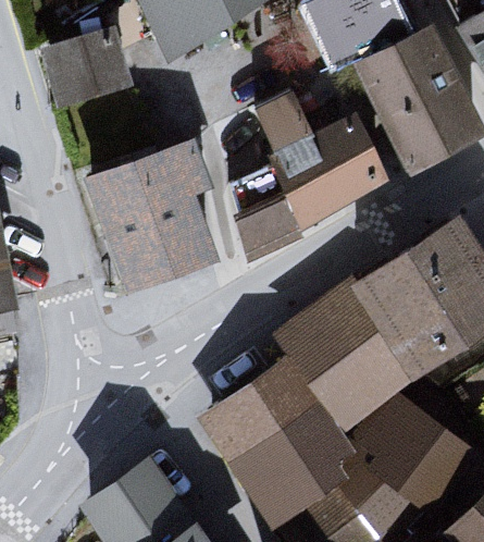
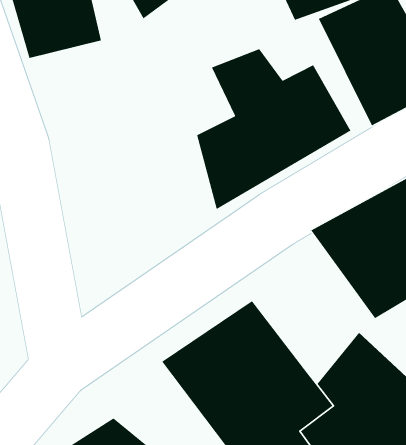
building: [84,145,221,295] -> none
building: [272,283,413,430] -> none

